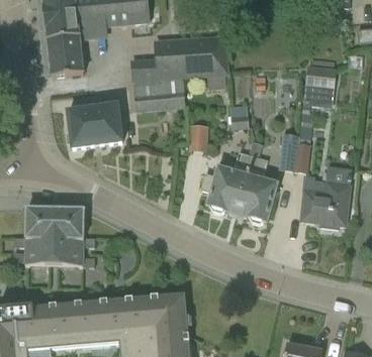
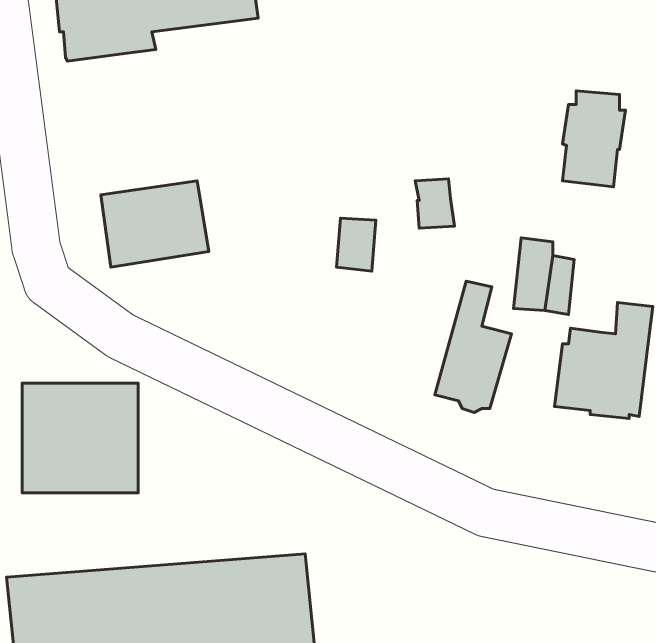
building: [131,34,228,111] -> none
building: [46,38,83,77] -> none
building: [202,150,255,214] -> none

